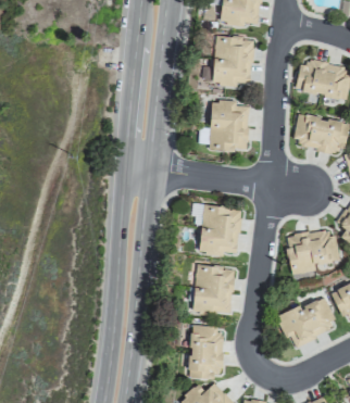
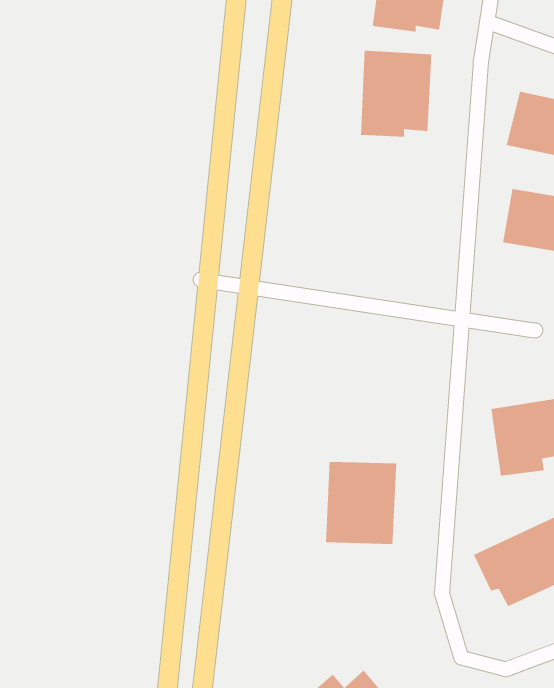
building: [210,100,249,151] -> none
building: [198,204,242,255] -> none
building: [190,325,223,377] -> none

